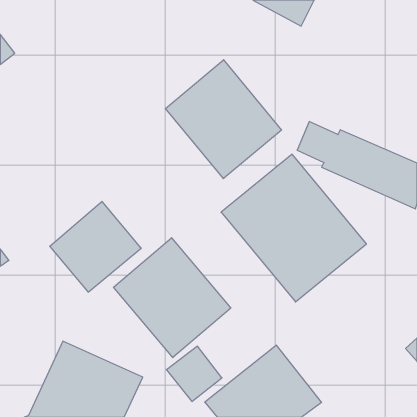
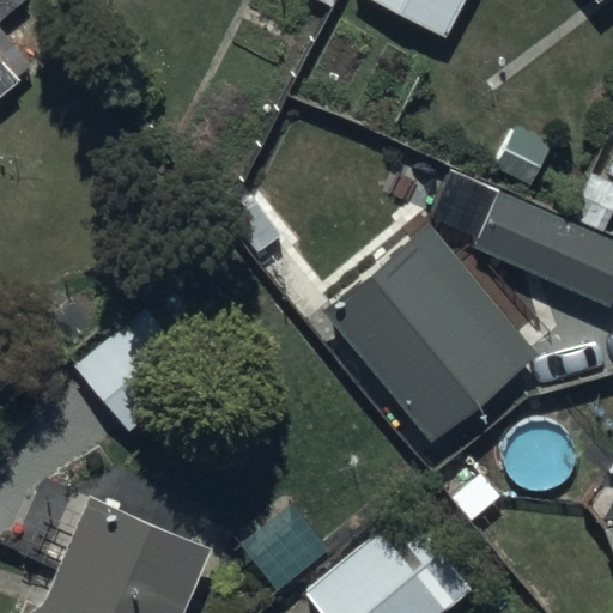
building: [165,60,282,179] -> none
building: [114,238,231,358] -> none

